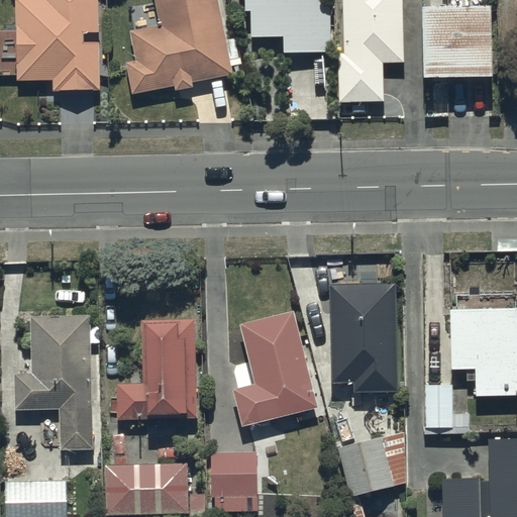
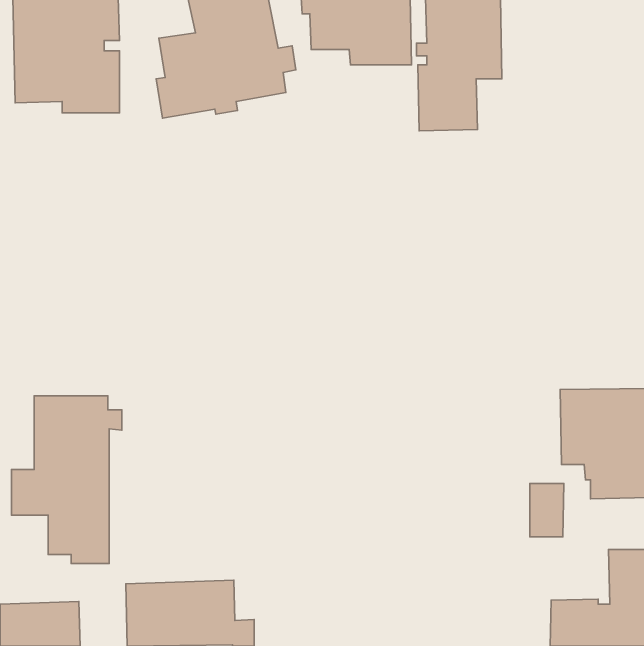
building: [428,13,500,89] -> none
building: [330,284,399,393] -> none
building: [233,311,318,426] -> none
building: [116,318,196,418] -> none
building: [337,431,407,497] -> none
building: [211,450,257,510] -> none

